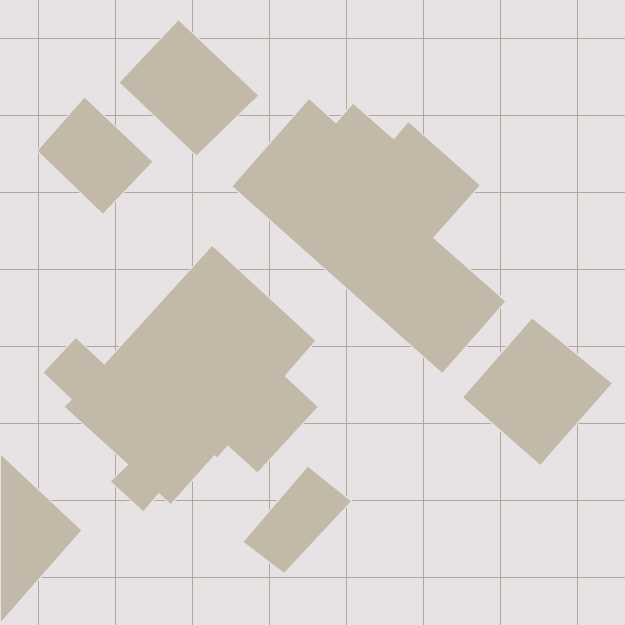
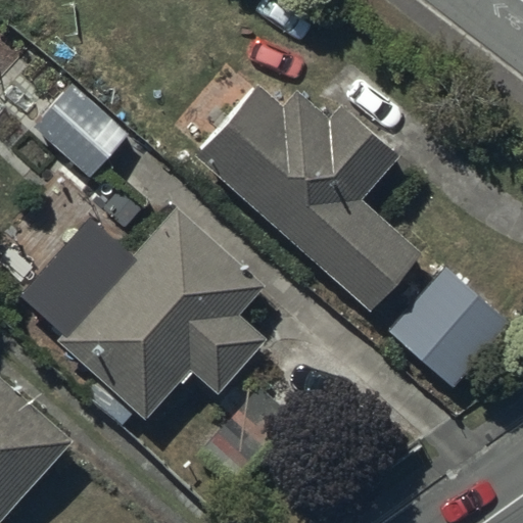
building: [119,19,259,156] -> none

